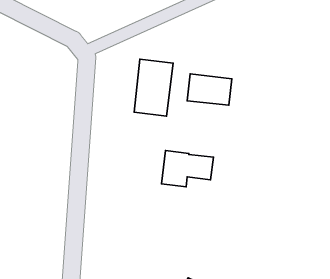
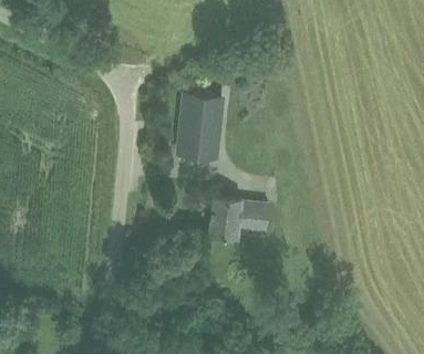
building: [187,74,232,105] -> none

